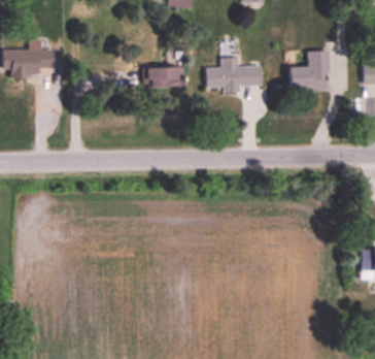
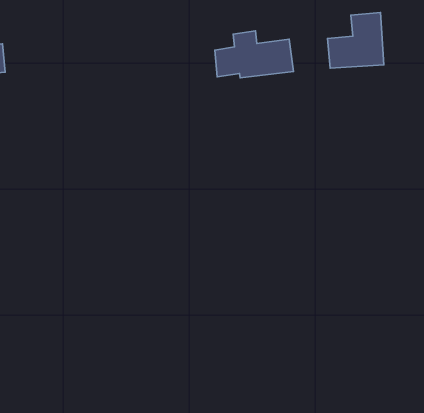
building: [155,67,177,84] -> none

